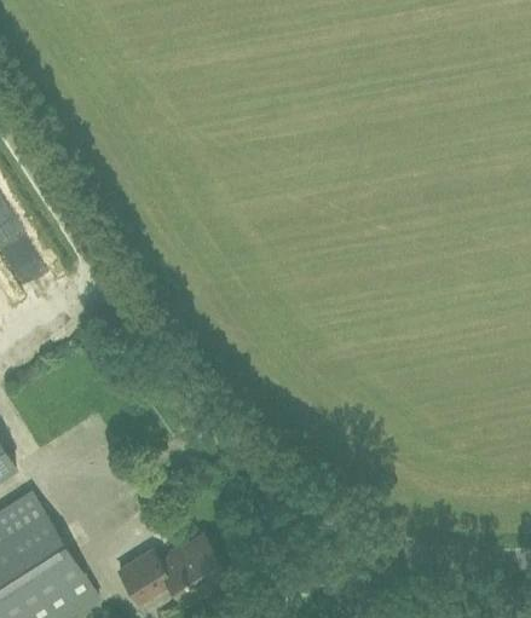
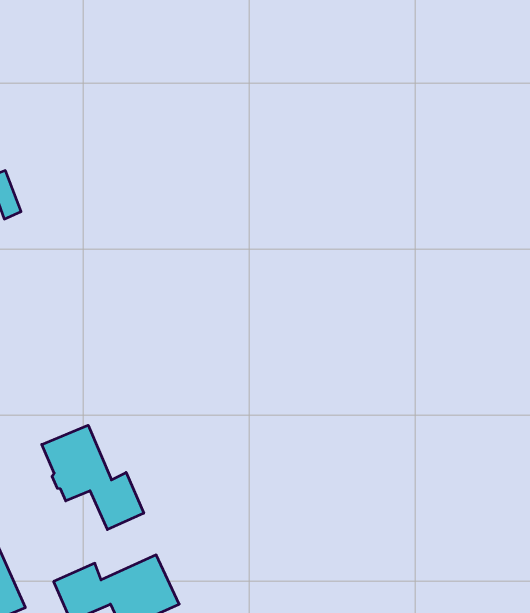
building: none -> [42,425,144,530]

